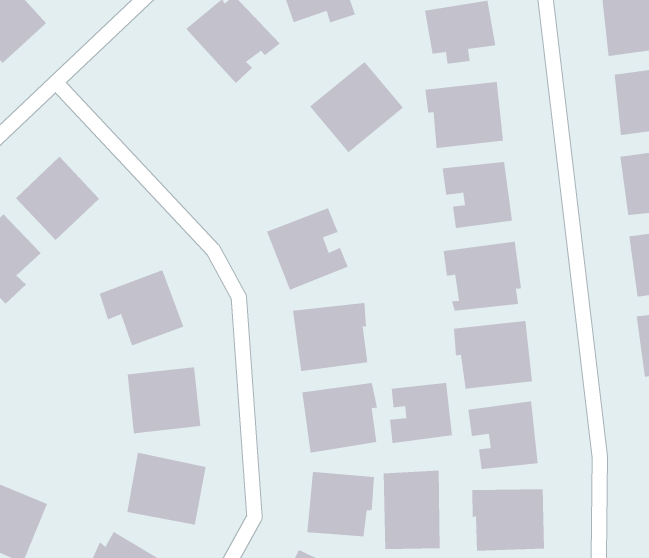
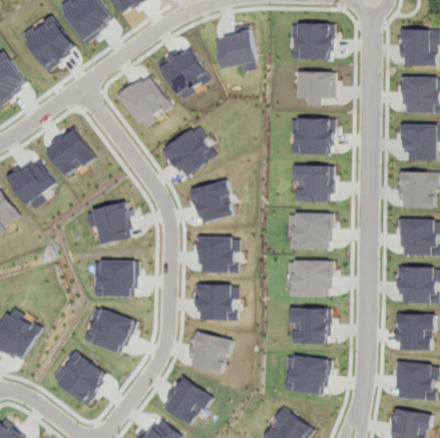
building: none -> [118,75,169,129]
building: [309,61,404,153] -> [160,126,215,178]
building: [390,382,452,444] -> none
building: [383,470,440,550] -> none

